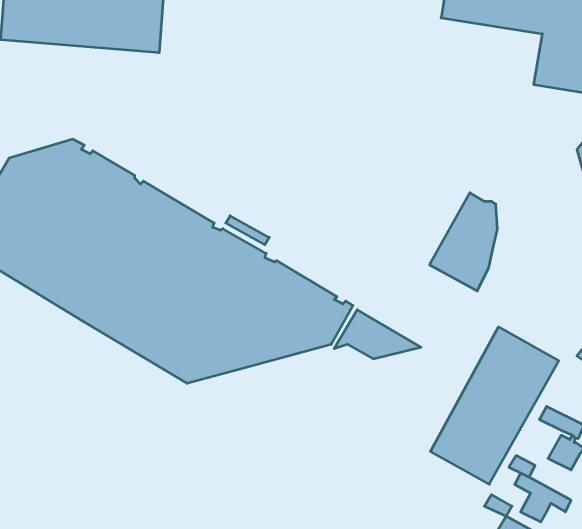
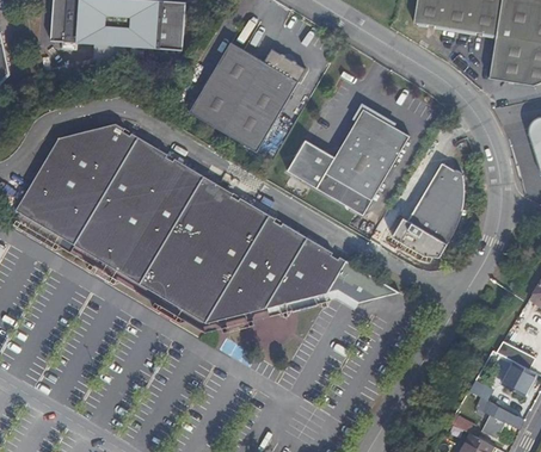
building: none -> [190,41,306,150]
building: none -> [287,109,408,216]
building: none -> [389,222,445,260]
building: [430,327,559,484] -> none

